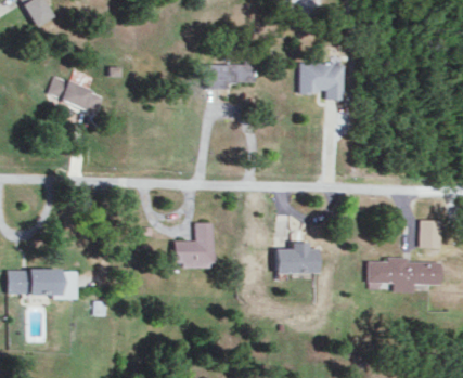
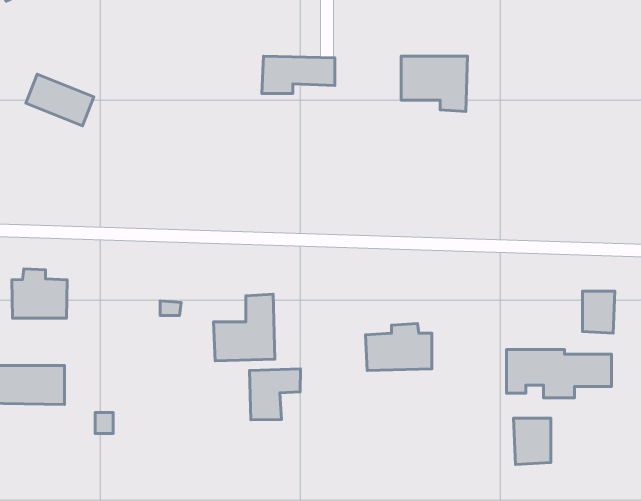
building: none -> [12,269,67,318]
building: none -> [249,369,300,420]
building: none -> [513,418,551,464]

